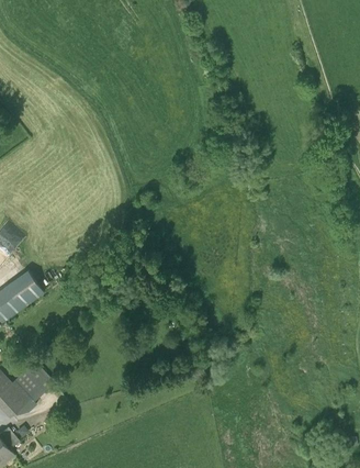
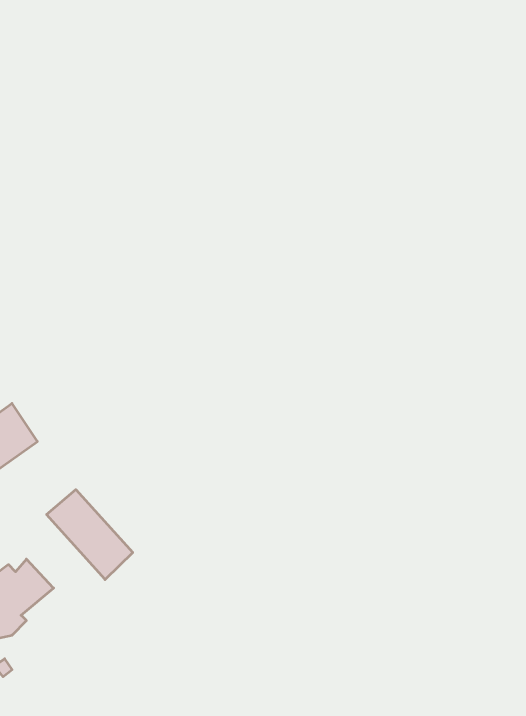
building: none -> [47,490,133,580]

